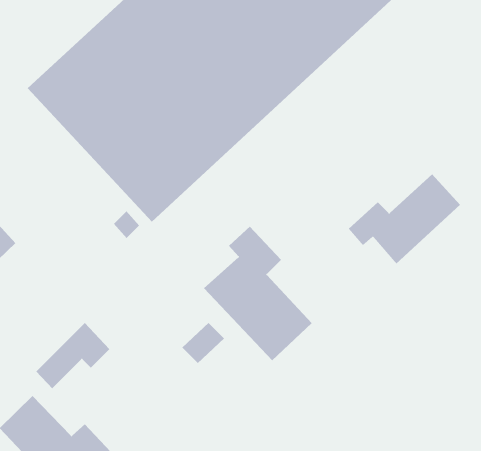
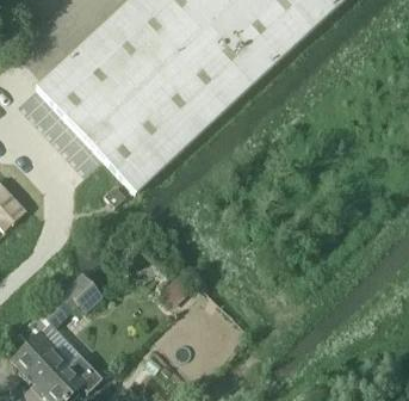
building: [348,173,461,264] -> none
building: [203,226,313,361] -> none

